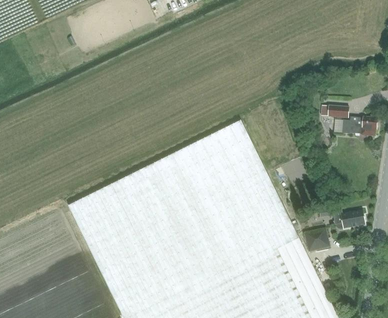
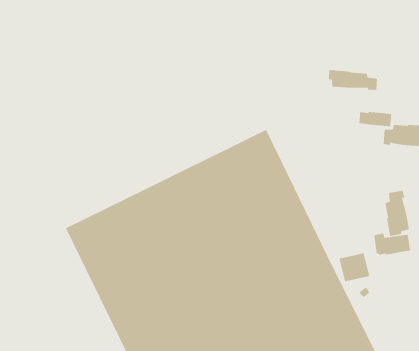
building: none -> [329,69,377,91]
building: none -> [385,190,409,237]

